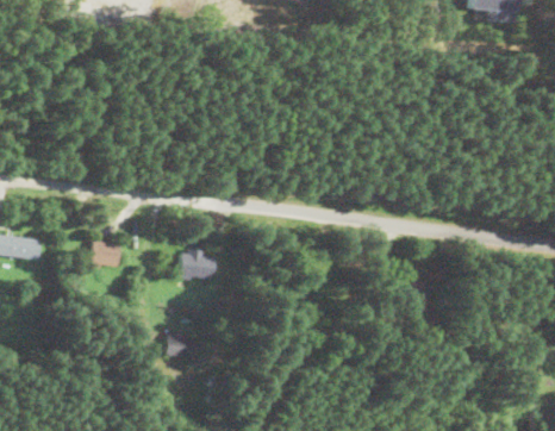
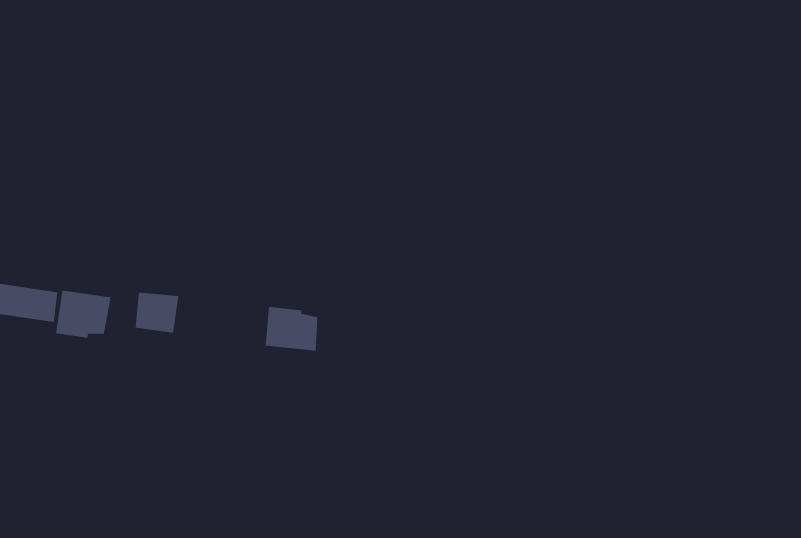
building: none -> [55,290,111,338]
building: [167,333,198,356] -> none

